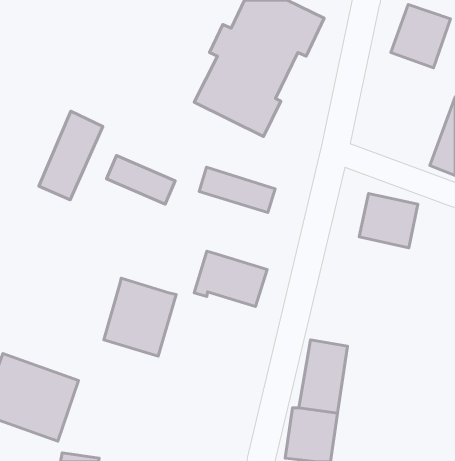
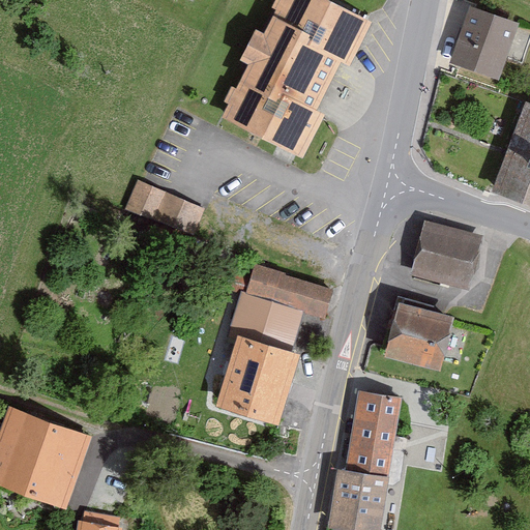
building: [39,111,103,200] -> none
building: [199,167,275,212] -> [245,263,332,315]
building: none -> [386,304,452,370]
building: [104,278,176,356] -> [218,335,301,424]

